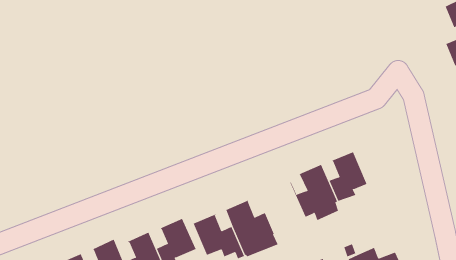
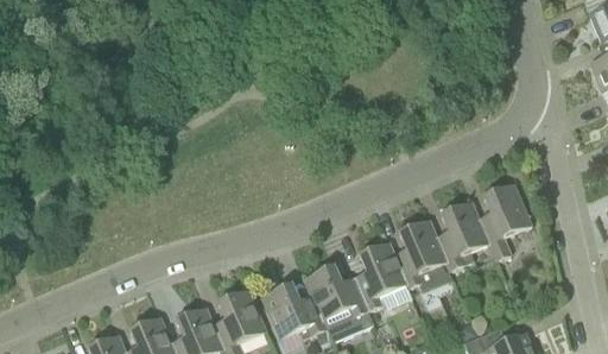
building: none -> [470,183,531,260]
building: none -> [354,242,412,310]

